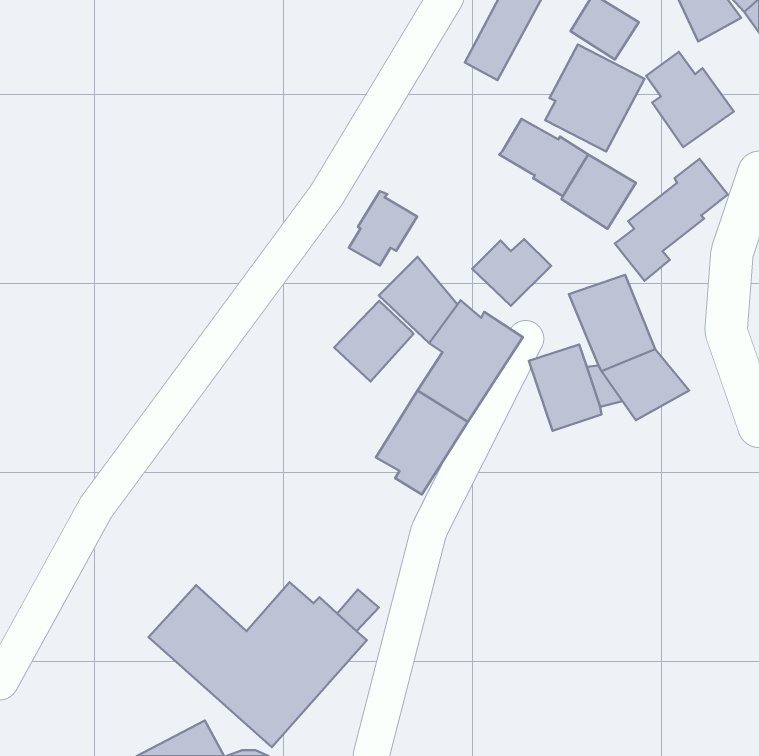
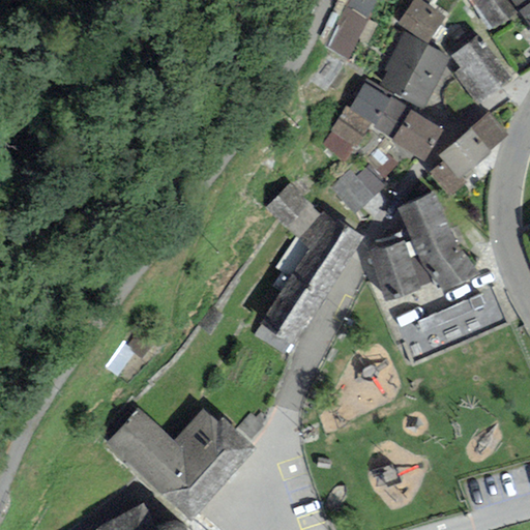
building: [349,191,417,266] -> [323,104,371,155]
building: [334,301,413,381] -> none
building: none -> [398,290,506,361]

